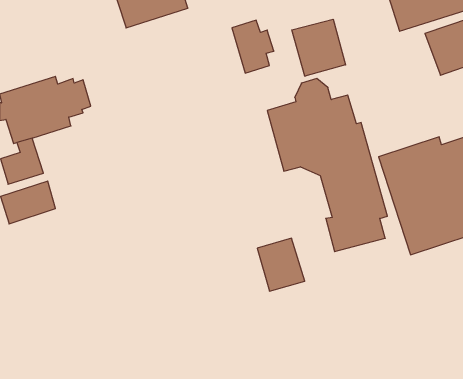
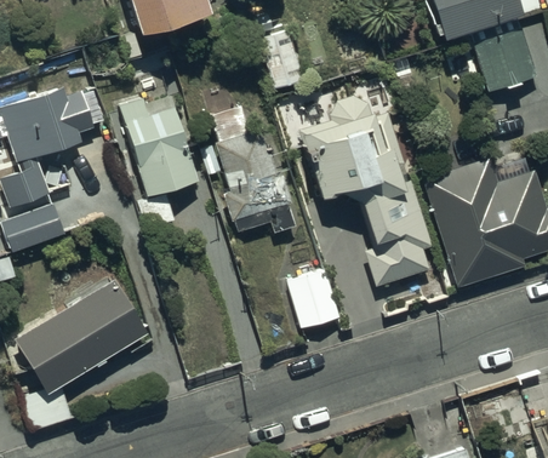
building: [292,19,346,76] -> none
building: none -> [120,88,199,227]
building: none -> [201,119,293,233]
building: none -> [15,280,145,394]

